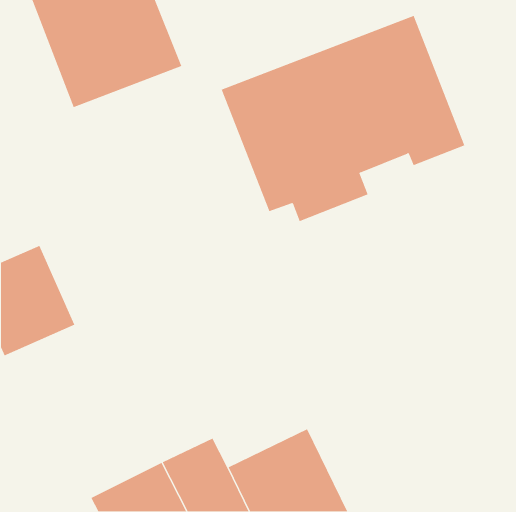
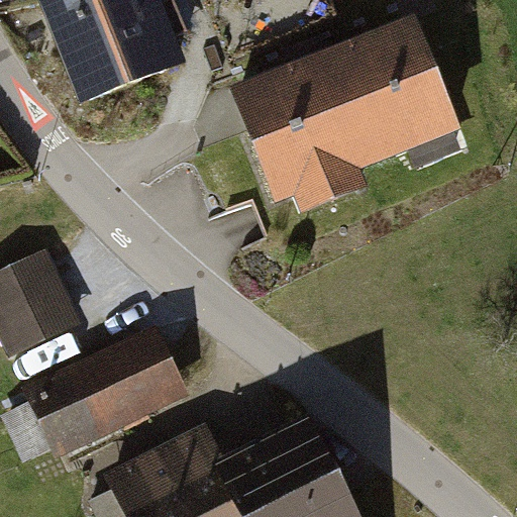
building: none -> [21,320,189,457]

